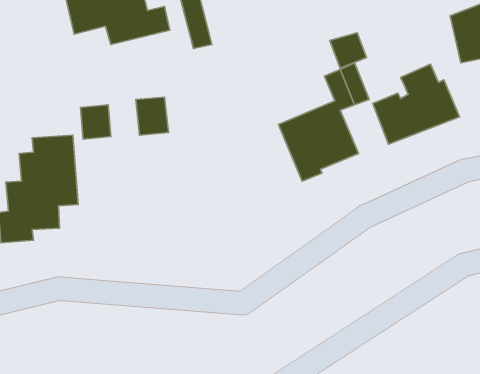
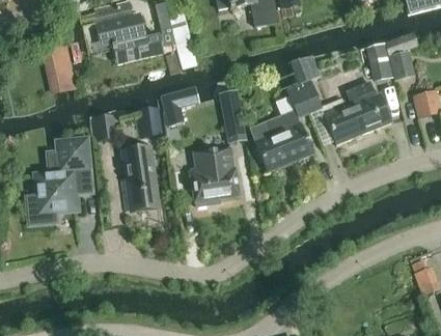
building: none -> [42,44,78,93]
building: none -> [367,44,393,81]
building: none -> [161,86,199,125]
building: none -> [219,89,246,142]
building: none -> [191,148,240,206]
building: none -> [120,150,159,209]

